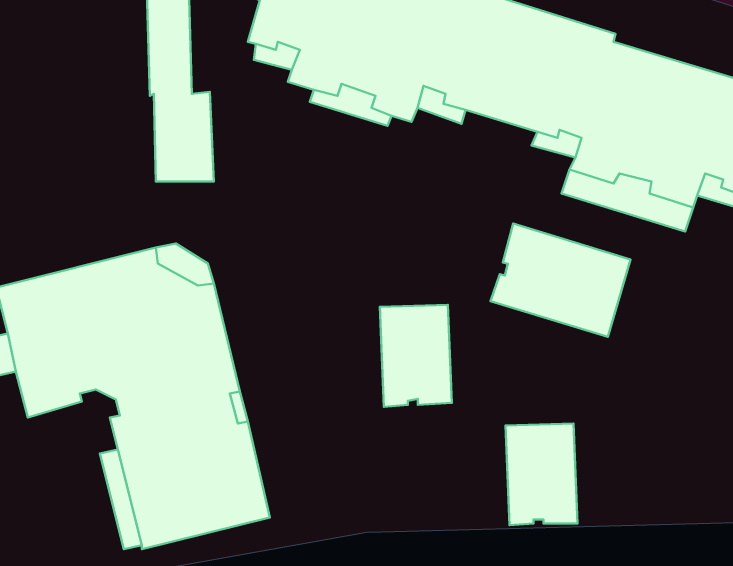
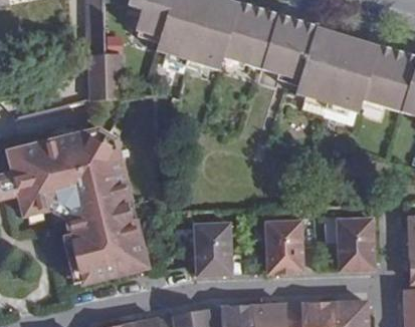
building: [490,224,631,337] -> none
building: [380,305,452,407] -> [194,224,230,275]
building: none -> [337,218,373,269]

